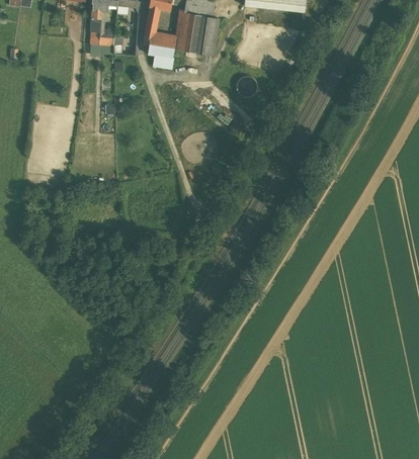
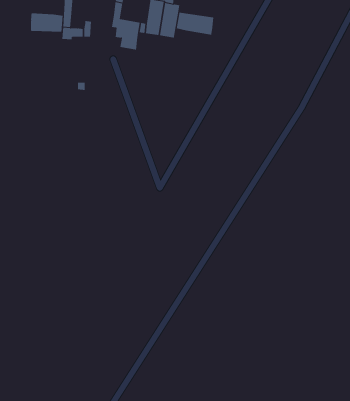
building: none -> [176,12,214,35]
building: none -> [30,13,63,33]

